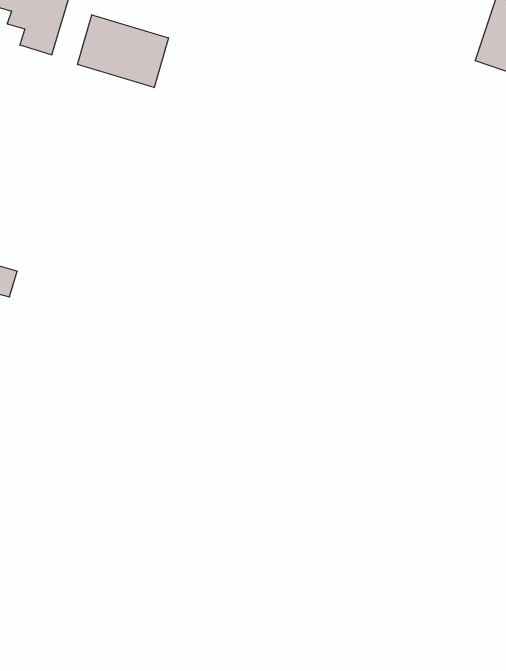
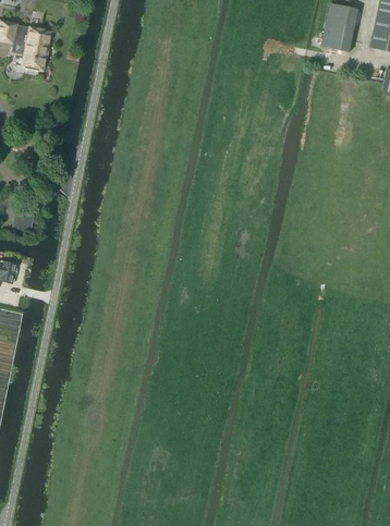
building: [78,15,168,88] -> none

